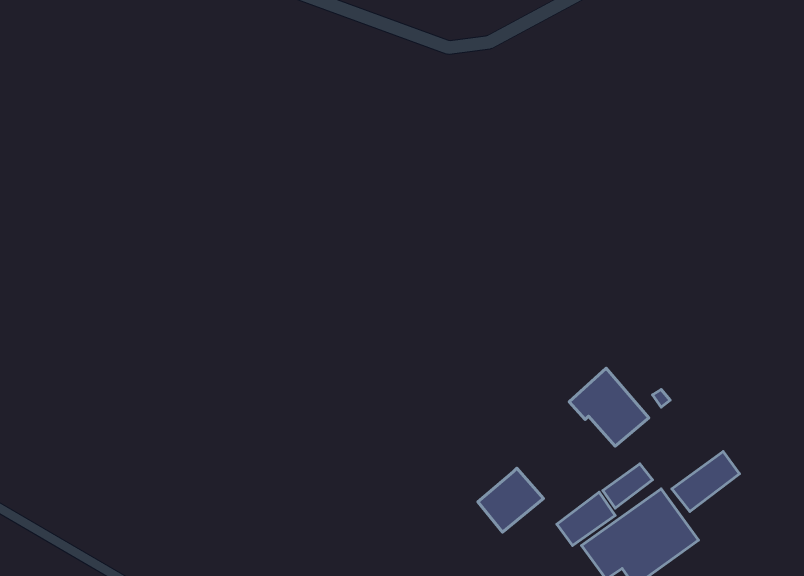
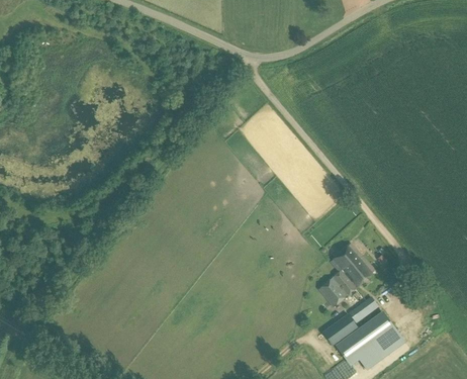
building: [672,451,739,512] -> none
building: [478,468,543,532] -> [317,271,355,307]

